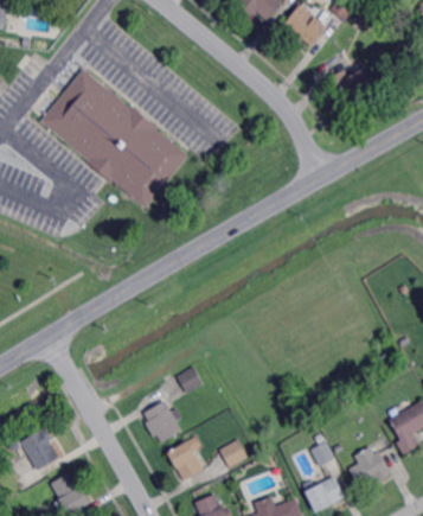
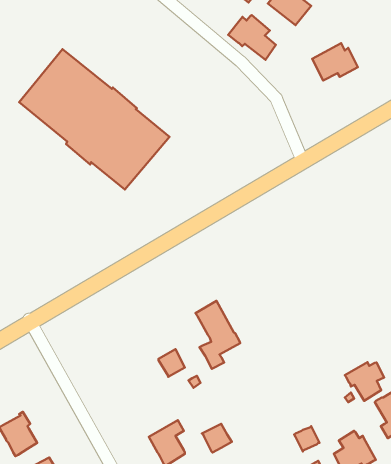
building: none -> [228,15,276,60]
building: none -> [196,301,240,369]
building: none -> [345,362,384,401]
building: [143,400,181,441] -> none

